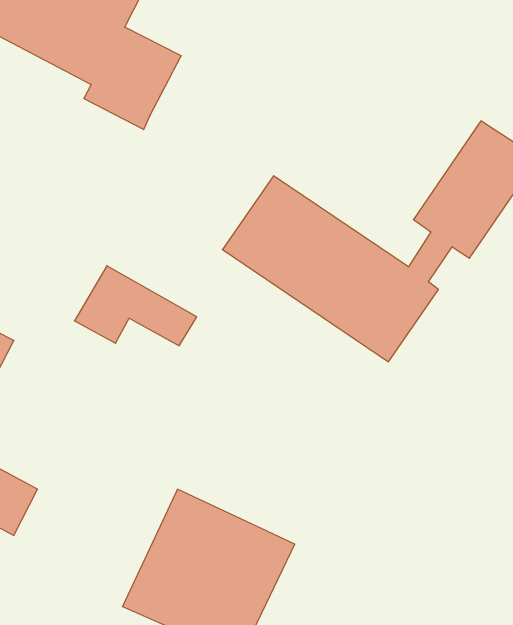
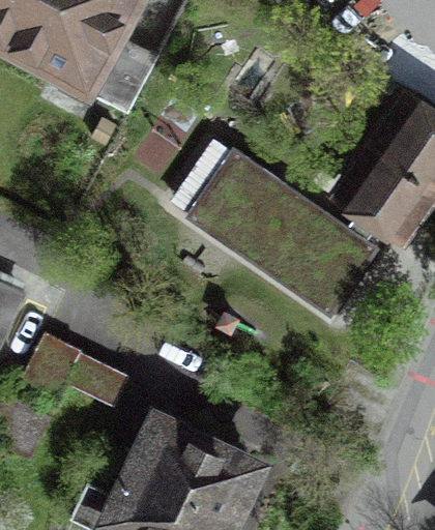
building: [74,266,197,346] -> [19,335,120,402]

